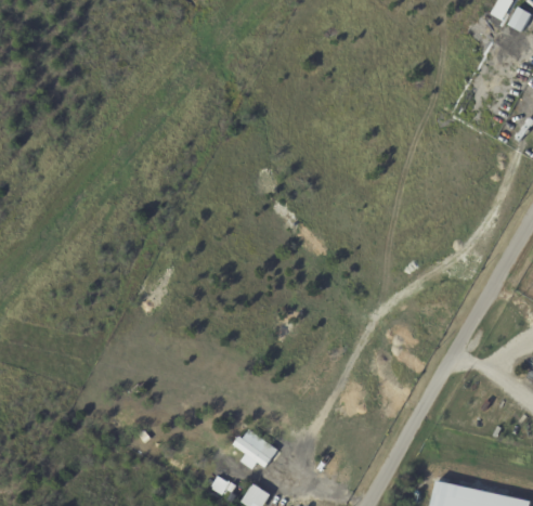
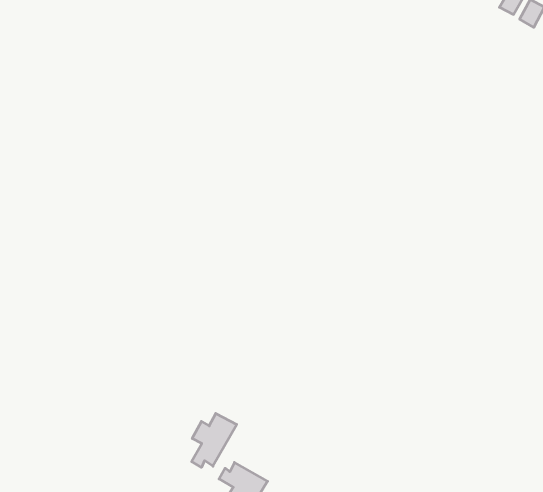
building: none -> [192,413,237,467]

